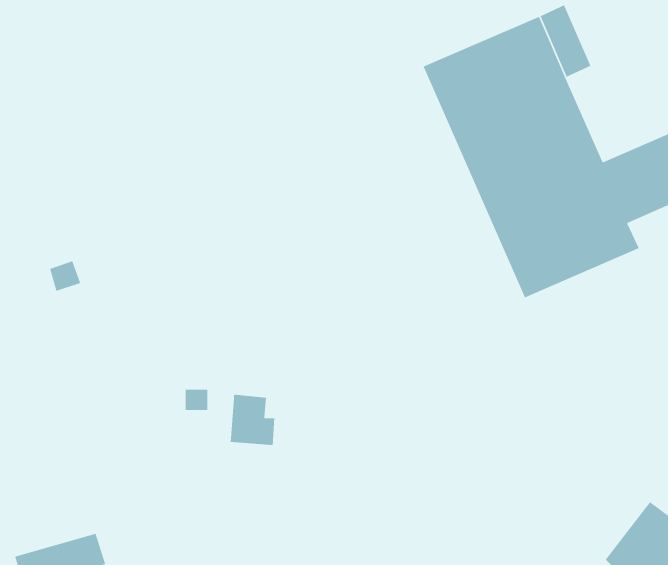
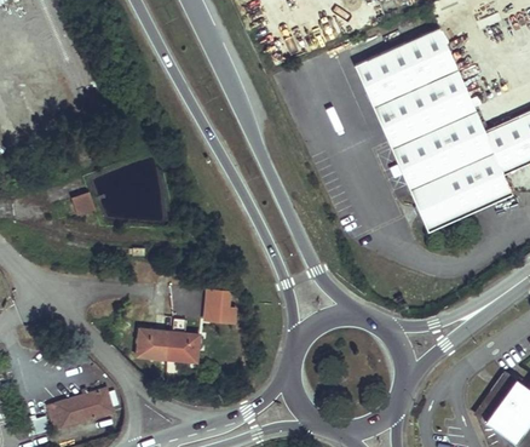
building: none -> [143,327,208,365]

